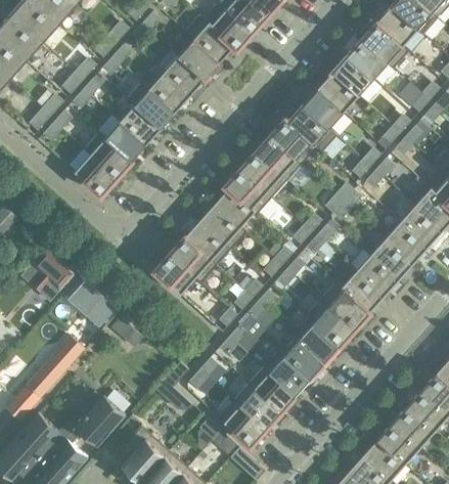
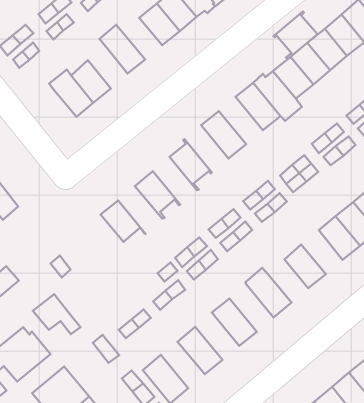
building: none -> [274,11,317,59]
building: [148,73,189,113] -> none
building: [119,105,160,146] -> none
building: [255,136,301,181] -> none
building: [74,156,116,196] -> none
building: [225,169,271,214] -> none
building: [198,205,244,250] -> none
building: [169,238,215,283] -> none
building: [355,255,398,297] -> none
building: [66,280,116,317] -> [33,294,80,334]
building: [320,283,368,329] -> none
building: [293,318,339,363] -> none
building: [263,351,309,396] -> none
building: [233,385,279,429] -> none

